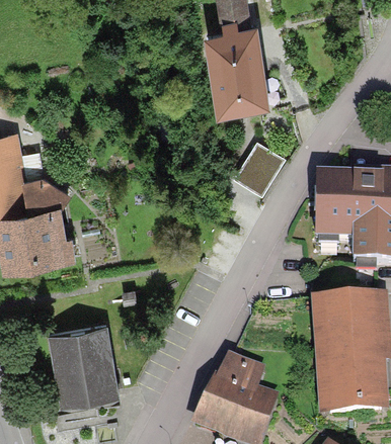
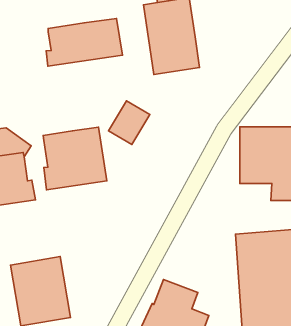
building: none -> [46,18,122,66]
building: [235,145,284,196] -> [109,101,150,145]
building: none -> [43,127,107,190]

